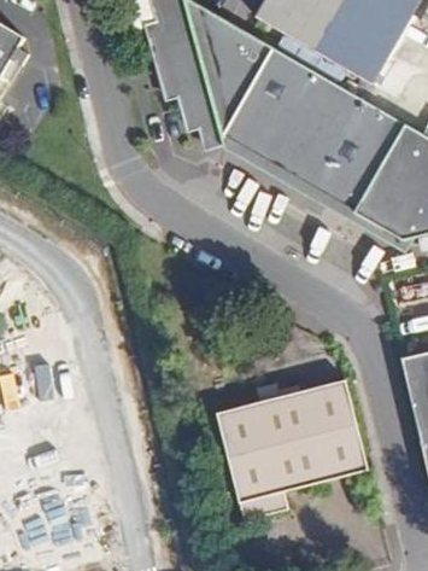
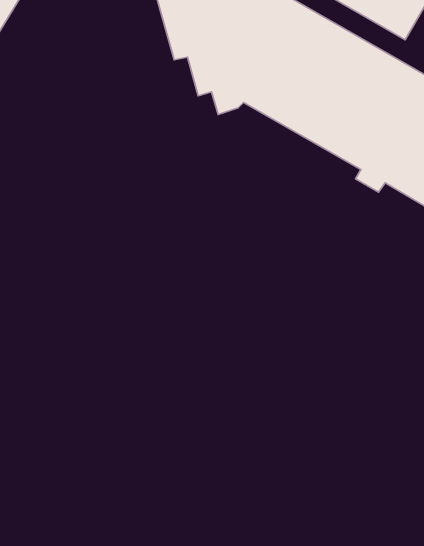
building: [215,380,368,522] -> none

